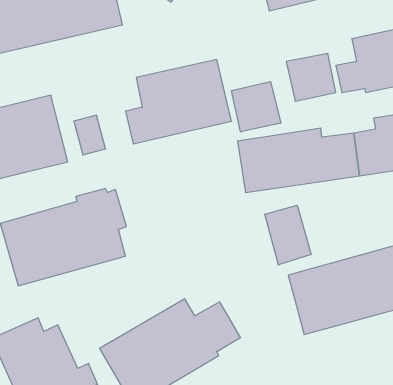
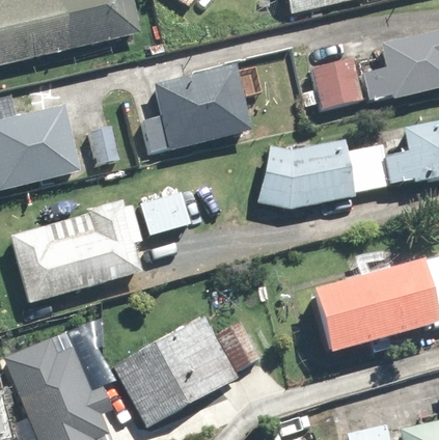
building: [232,82,281,132] -> none
building: none -> [138,191,190,235]
building: [265,205,311,265] -> none

